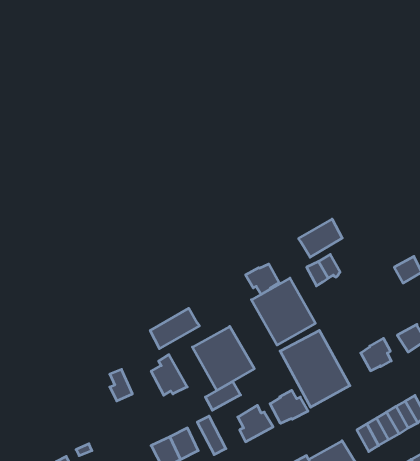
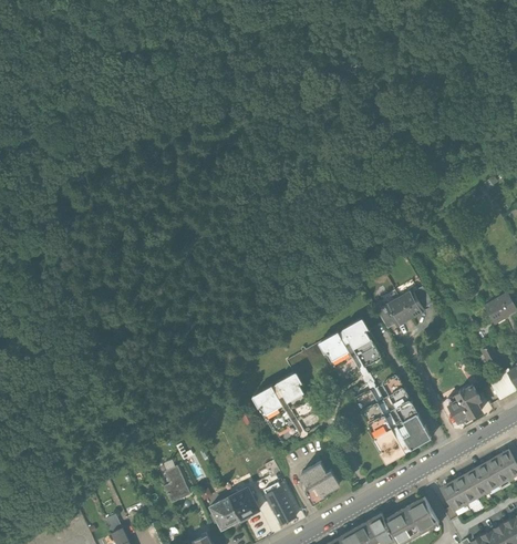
building: [299,219,342,257] -> none
building: [246,264,279,294] -> none
building: [150,308,199,349] -> none
building: [151,355,187,395] -> none
building: [110,369,132,401] -> [164,466,189,502]
building: [205,381,241,410] -> none
building: [270,390,308,423] -> none

